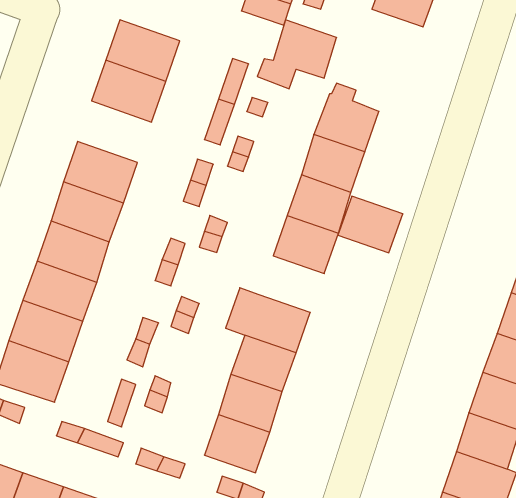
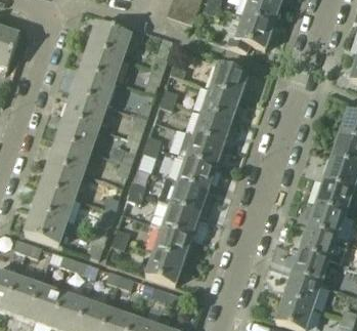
building: [257,20,337,89] -> [226,14,272,54]
building: none -> [72,68,115,104]
building: [338,196,403,253] -> [177,158,215,191]

